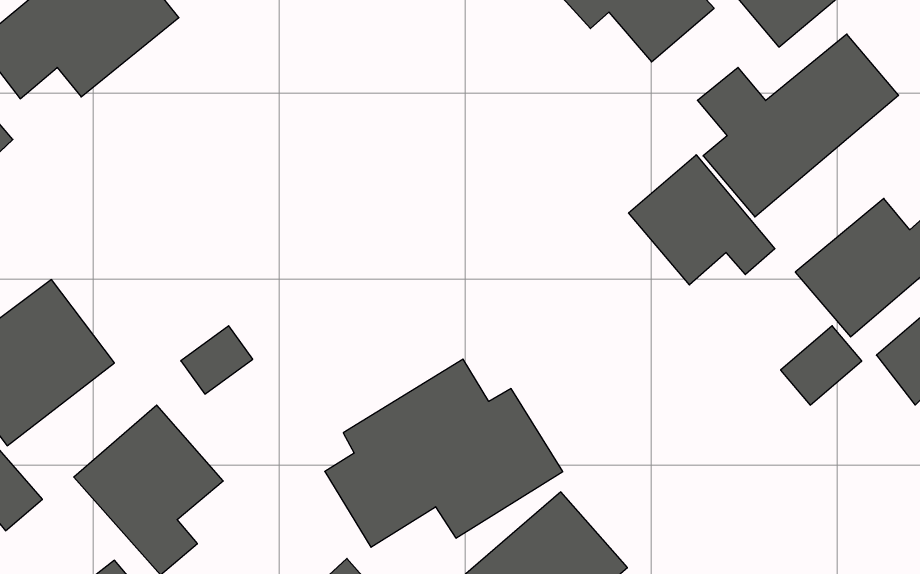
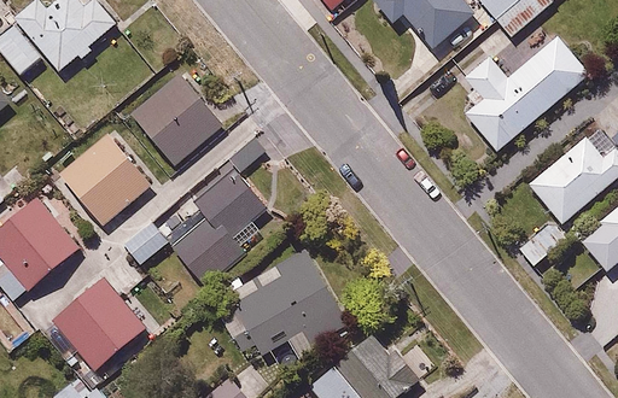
building: none -> [130,66,227,164]
building: [629,155,775,285] -> none
building: none -> [59,129,156,226]
building: none -> [173,163,269,289]

